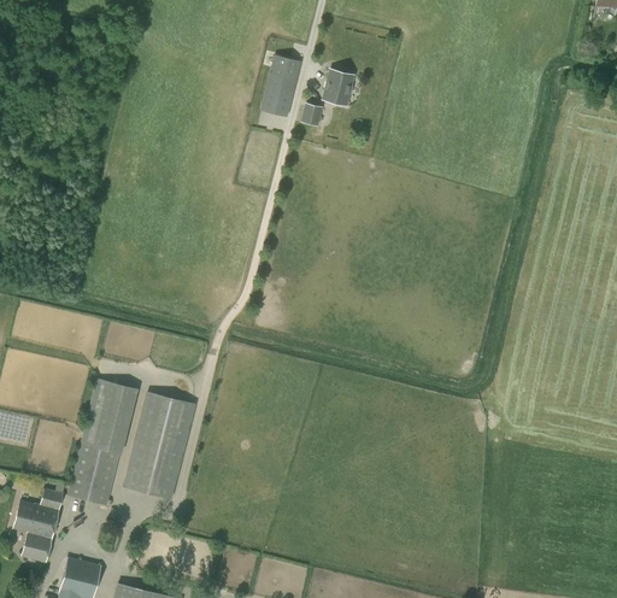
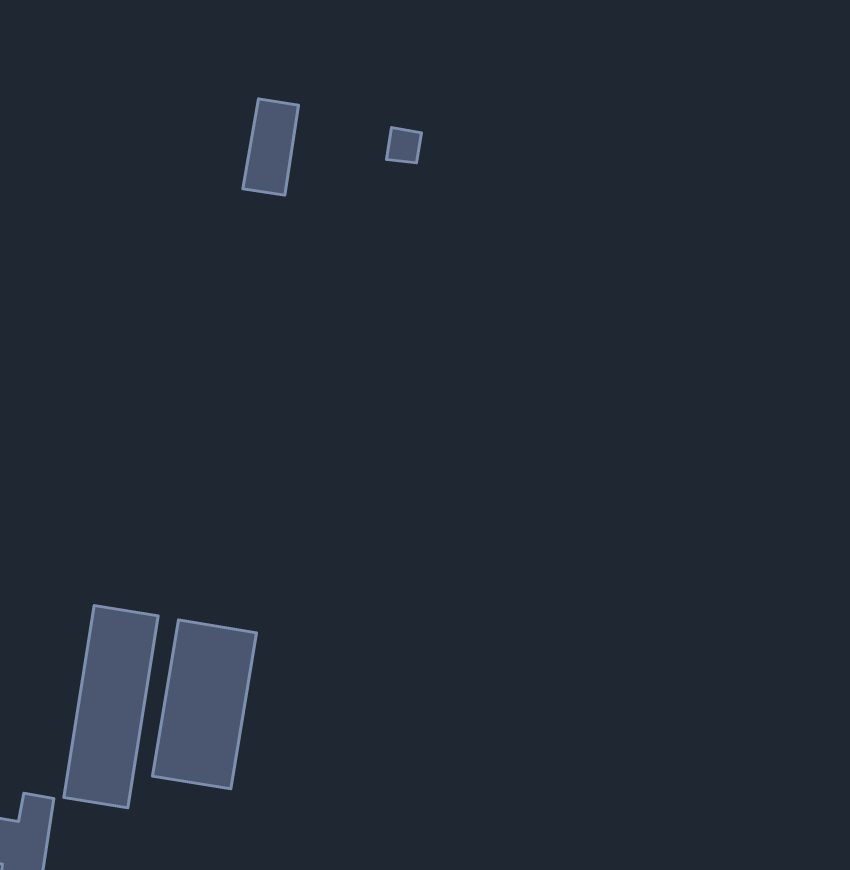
building: [262,55,300,116] -> [243,99,298,195]
building: [323,69,353,105] -> none

